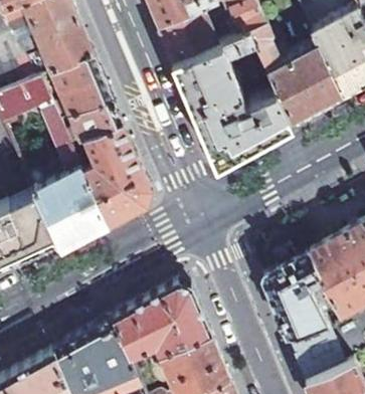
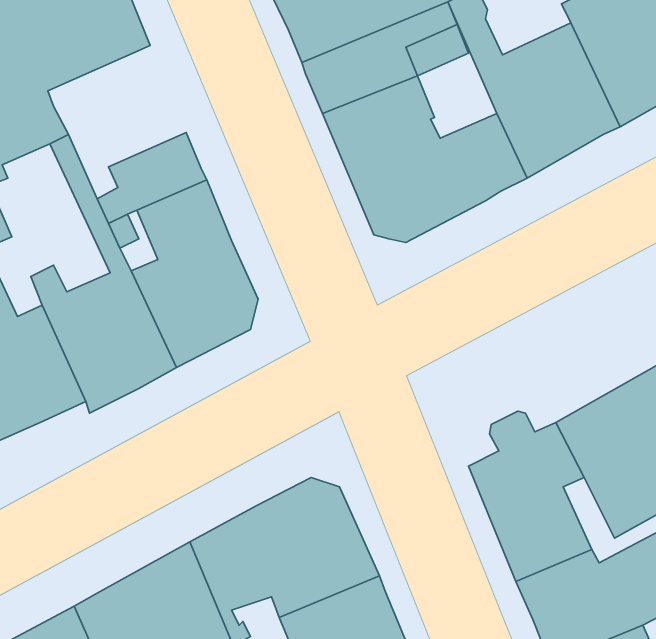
building: [38,55,112,120] -> none

